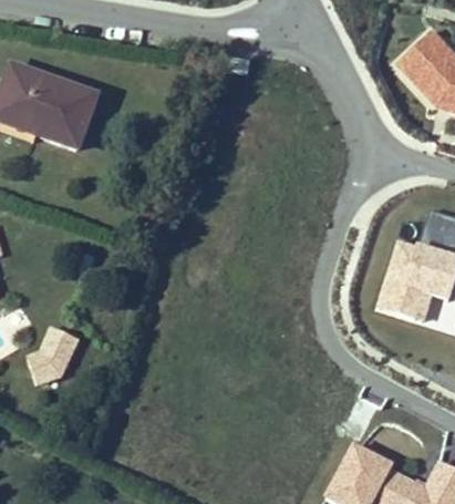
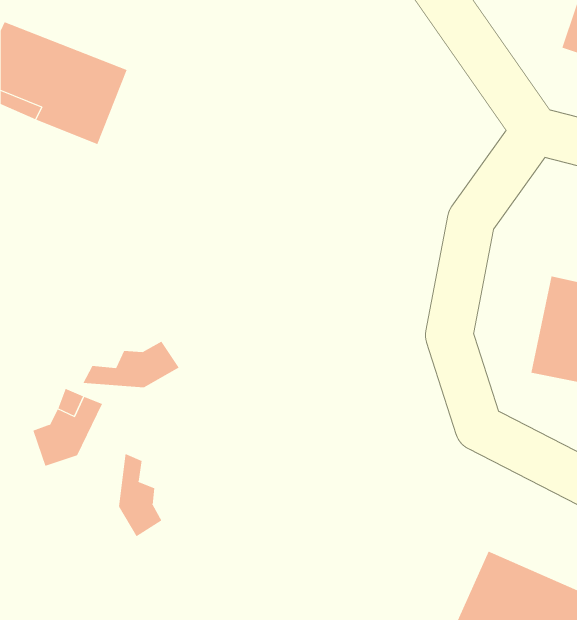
building: none -> [83,341,180,388]
building: none -> [119,453,162,537]

